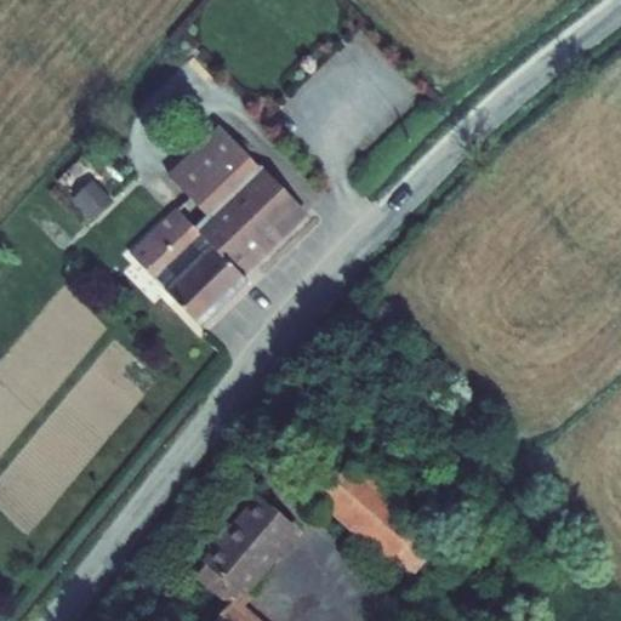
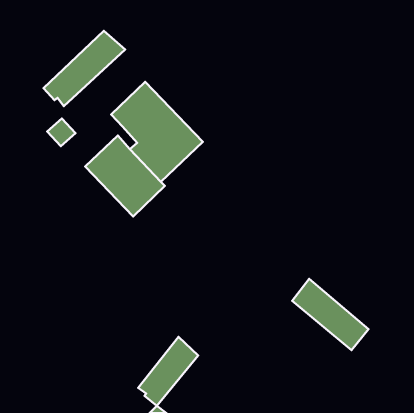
building: none -> [43,31,125,106]
building: [321,471,435,577] -> [292,279,369,350]

